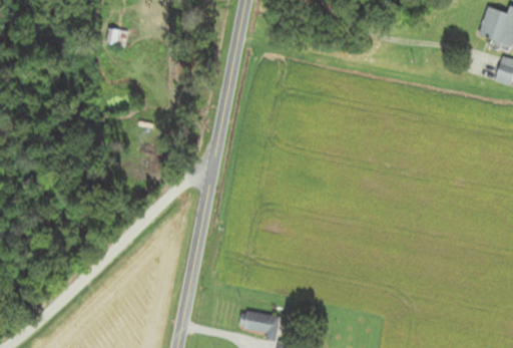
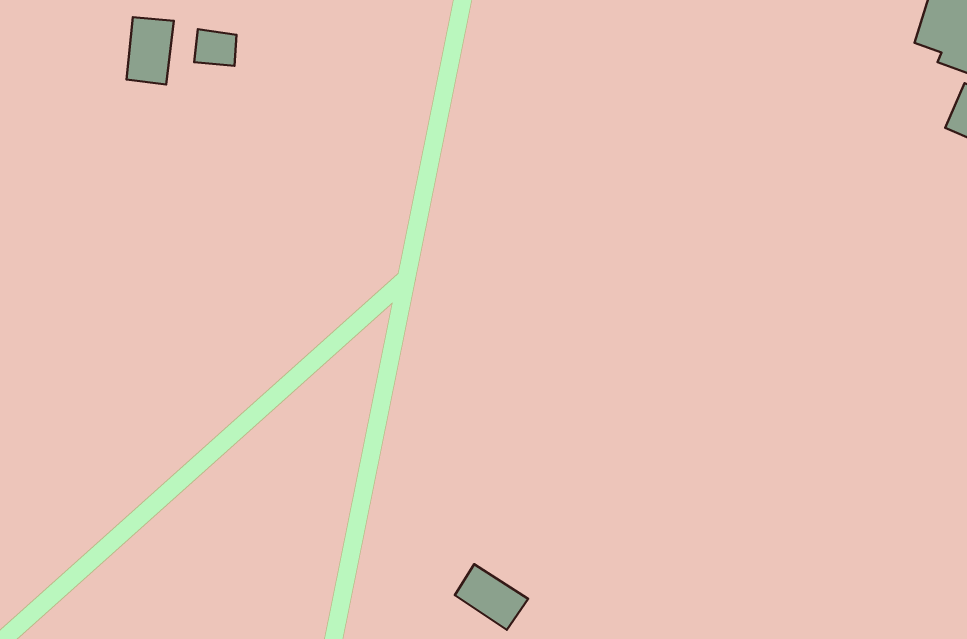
building: none -> [127,17,174,85]

